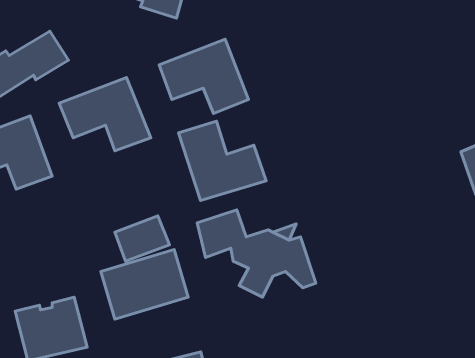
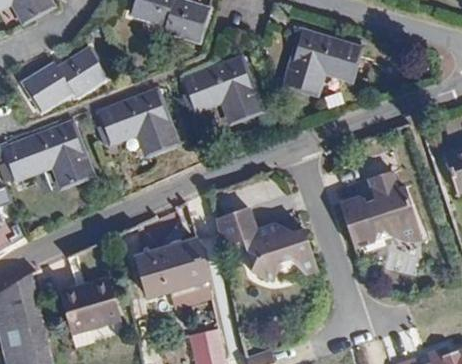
building: none -> [285,30,360,94]
building: [179,121,266,201] -> none
building: none -> [339,171,423,248]

